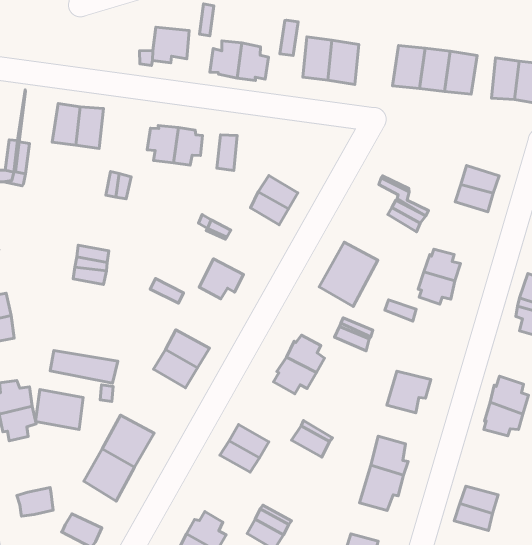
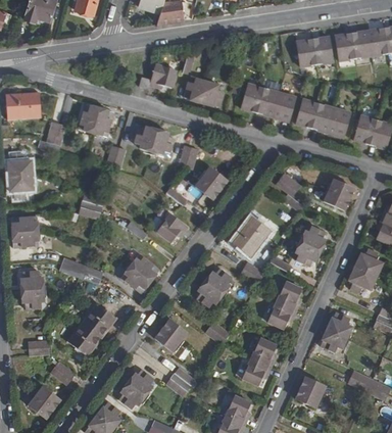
building: none -> [272,94,293,123]
building: none -> [273,282,297,308]
building: [36,389,83,429] -> none

